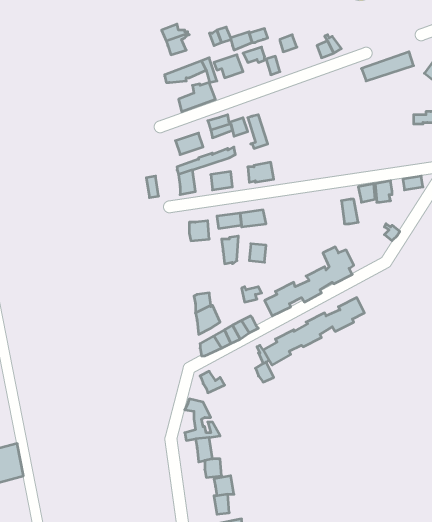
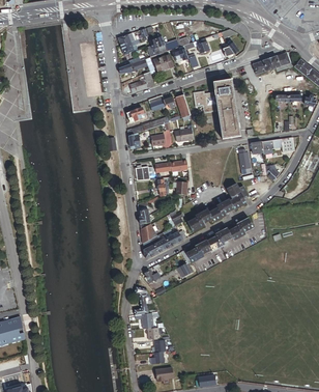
building: none -> [194,78,241,137]

